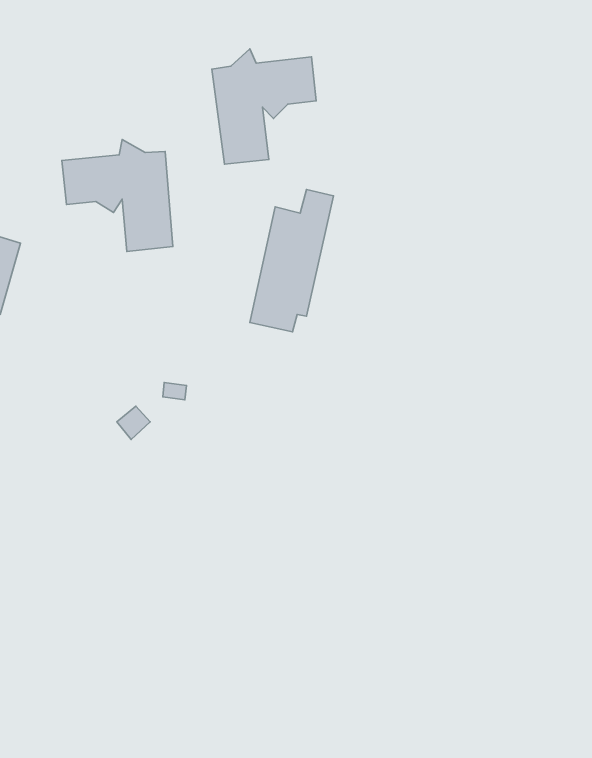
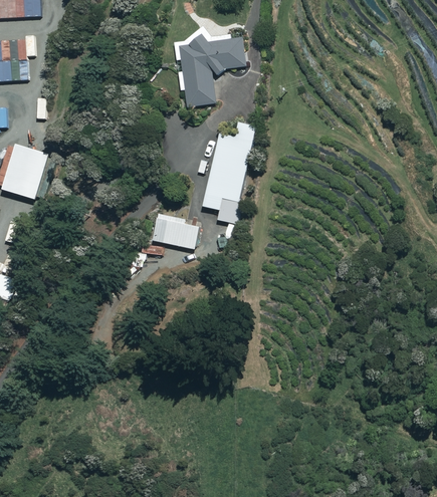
building: [62,140,173,251] -> none
building: none -> [151,213,200,250]

